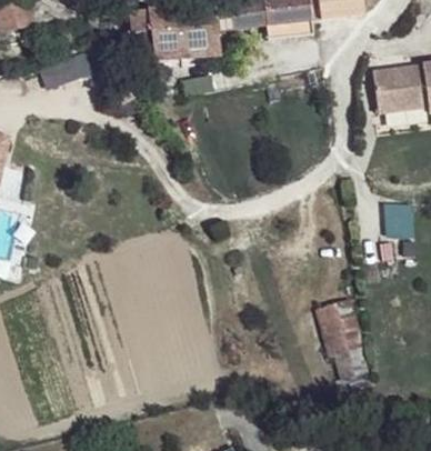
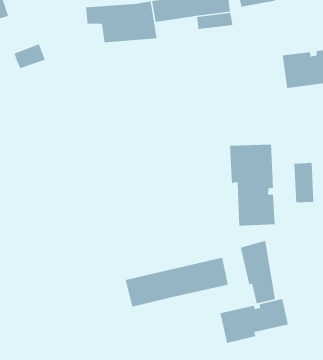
building: none -> [229,144,275,227]
building: none -> [125,257,229,308]
building: none -> [220,298,289,344]

